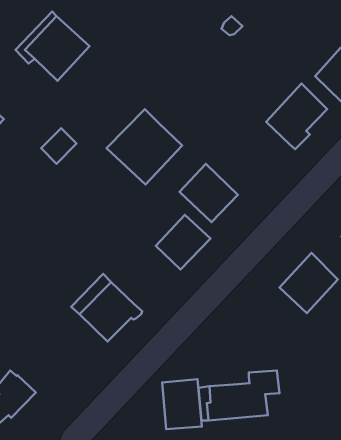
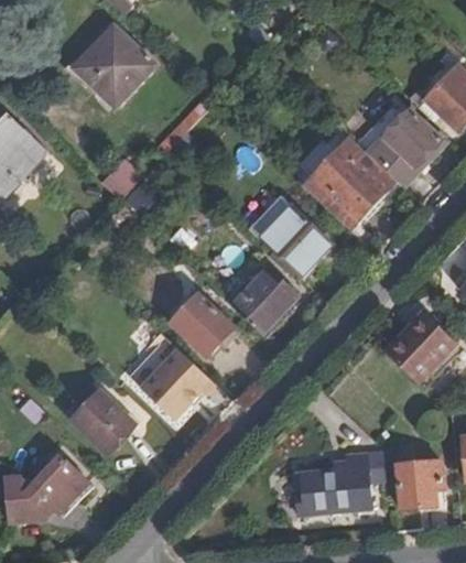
building: [107,109,182,185] -> [304,137,395,228]
building: none -> [173,292,240,354]
building: none -> [72,390,136,453]
building: none -> [397,463,440,508]
building: [162,379,202,429] -> none

